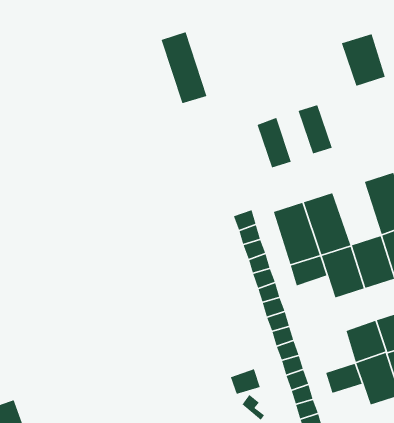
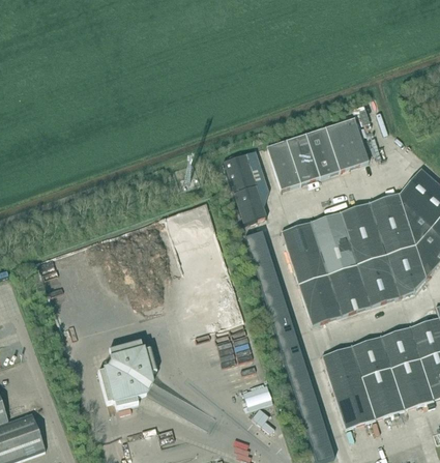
building: [160,31,208,104] -> [222,153,267,224]
building: [341,33,386,87] -> [325,118,369,170]
building: none -> [286,134,320,183]
building: none -> [340,202,386,263]
building: none -> [304,293,342,325]
building: none -> [97,341,156,409]
building: none -> [322,346,361,386]
building: none -> [339,398,376,429]

